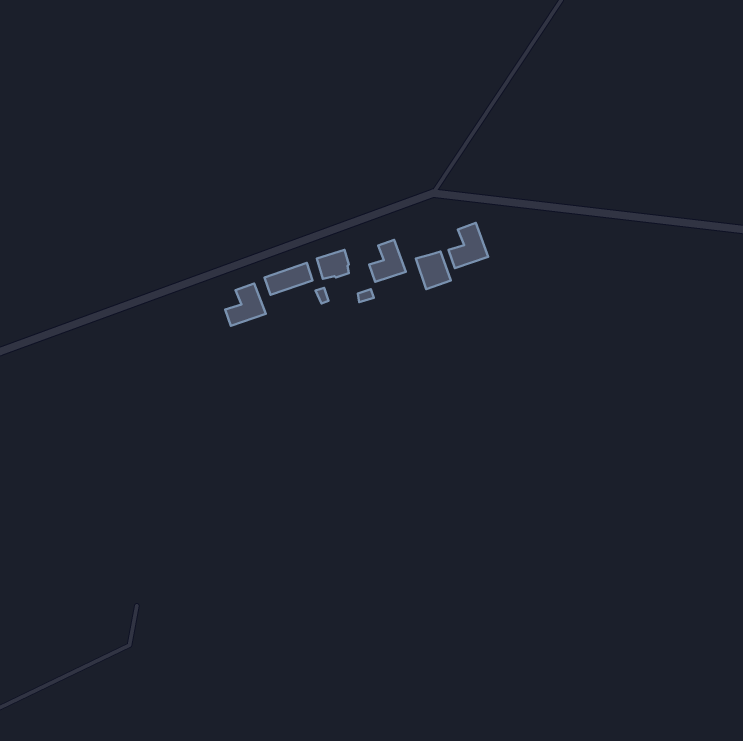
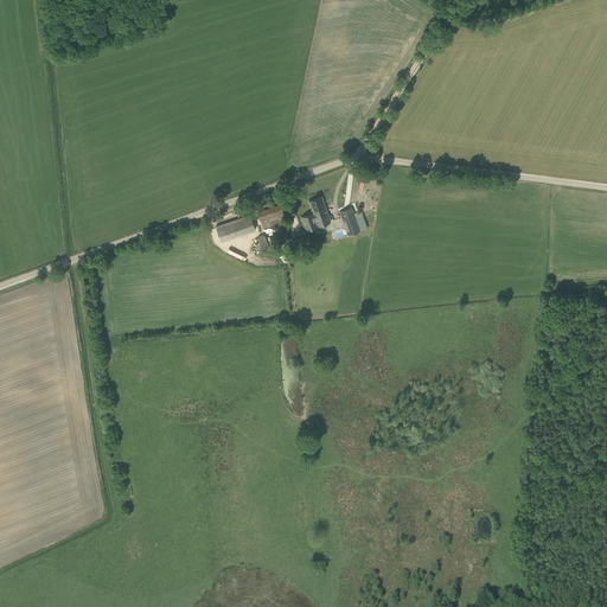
building: [449,223,488,268] -> none
building: [225,283,266,326] -> none

